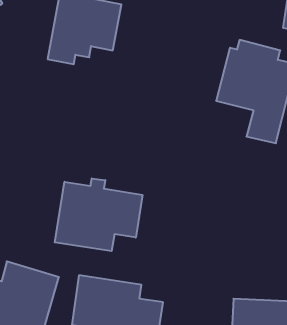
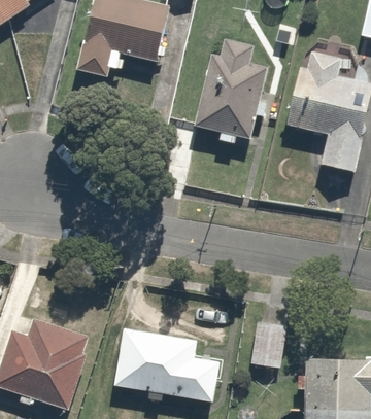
building: none -> [194,34,266,145]
building: [55,178,142,251] -> none
building: none -> [251,321,290,369]

